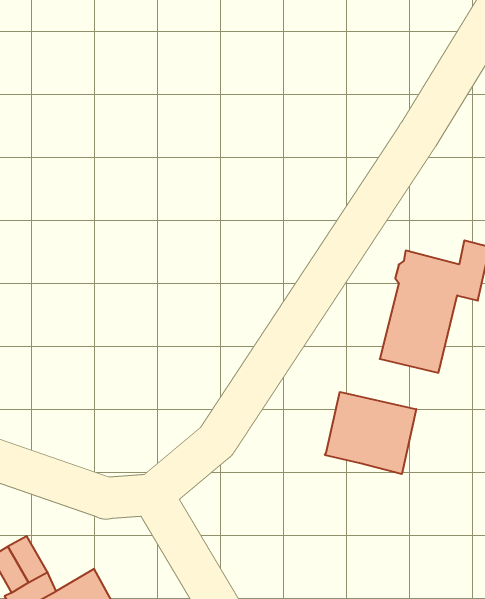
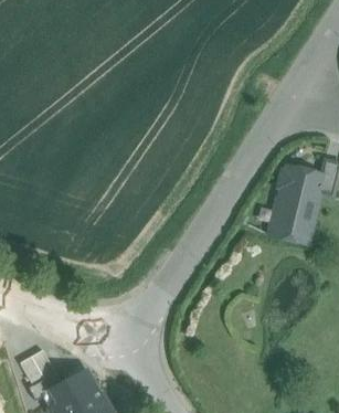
building: [325,392,416,474] -> none

